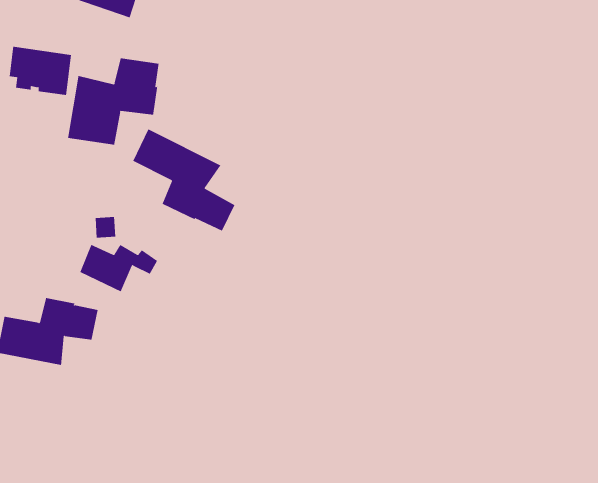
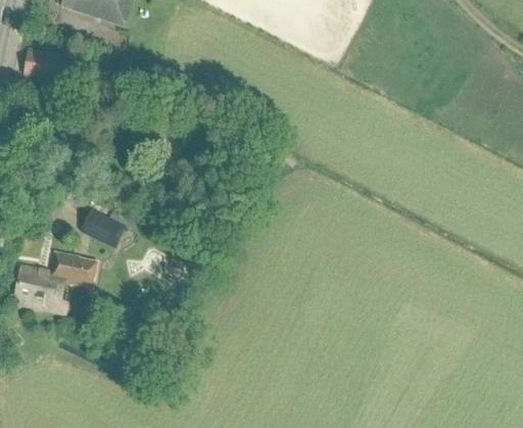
building: [67,57,159,146] -> none
building: [132,129,235,232] -> none

